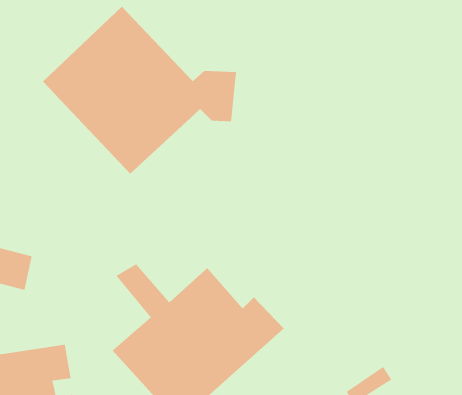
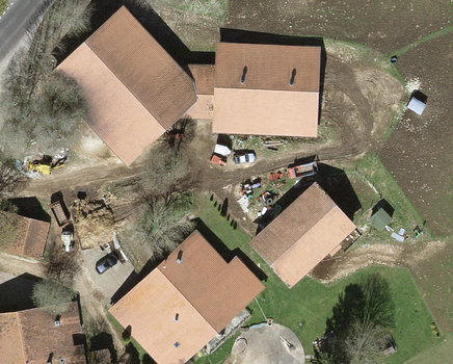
building: none -> [215,44,318,134]
building: none -> [252,184,352,281]

